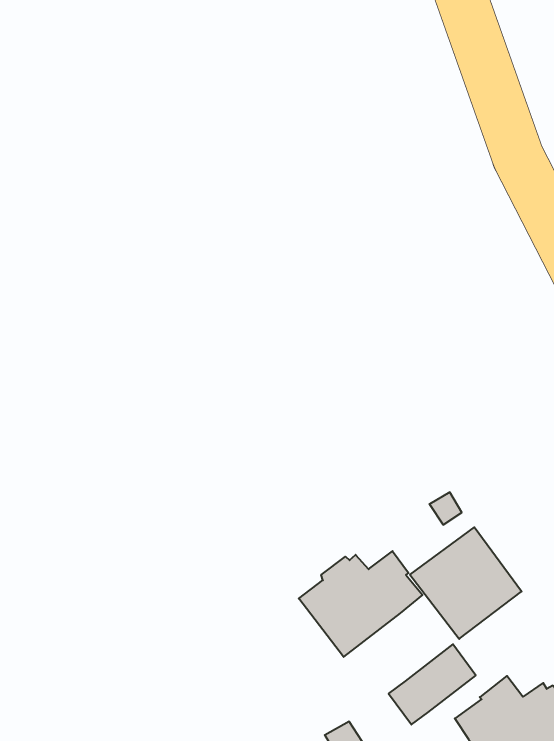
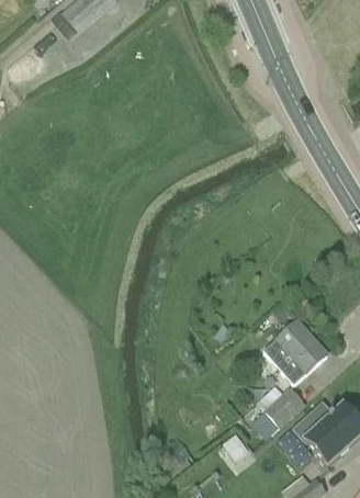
building: [299,551,422,657] -> none

